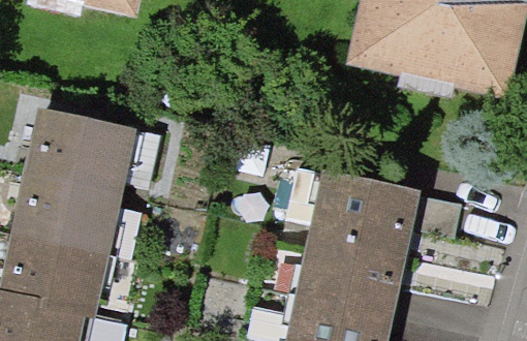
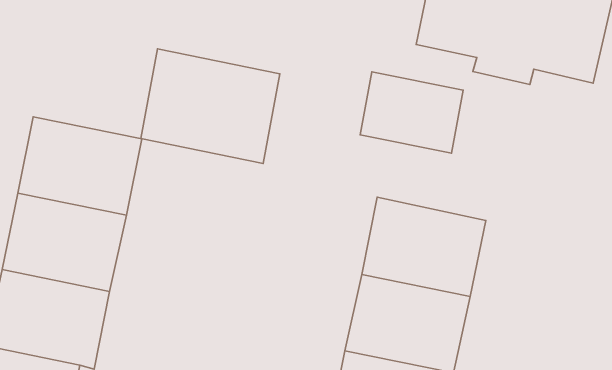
building: none -> [141,49,280,163]
building: none -> [360,72,463,153]

